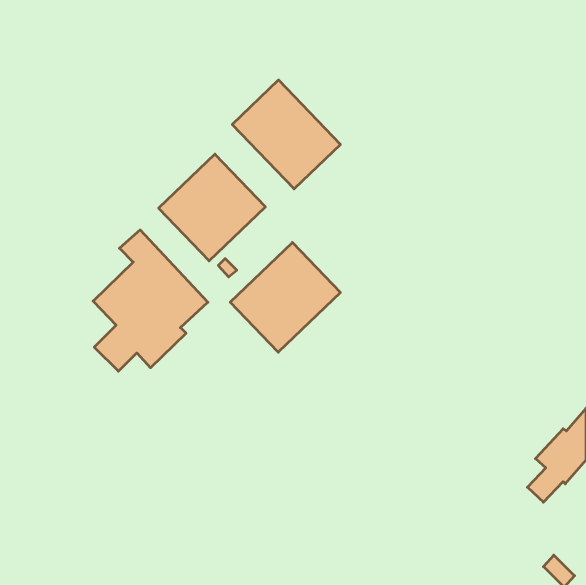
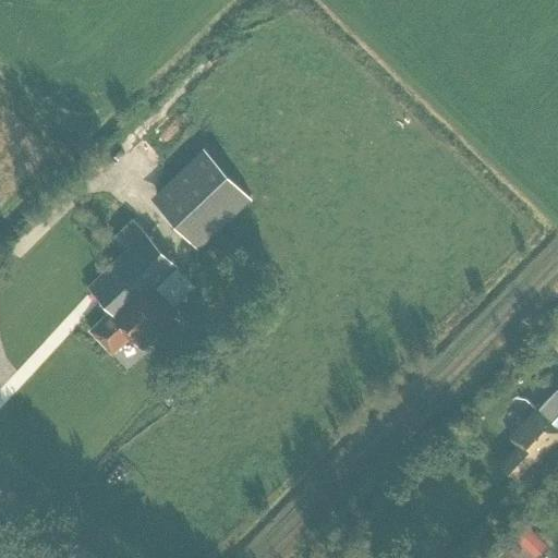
building: [232,80,340,189] -> none
building: [230,242,340,352] -> none

